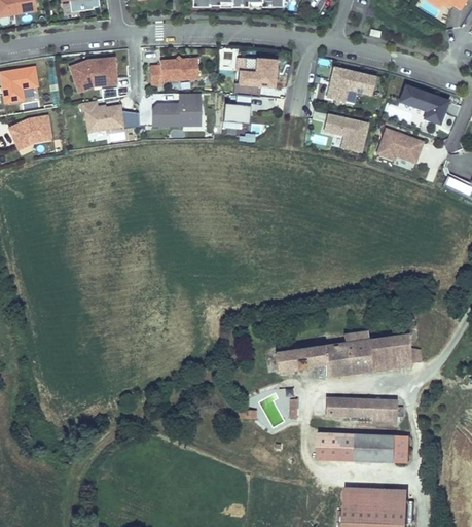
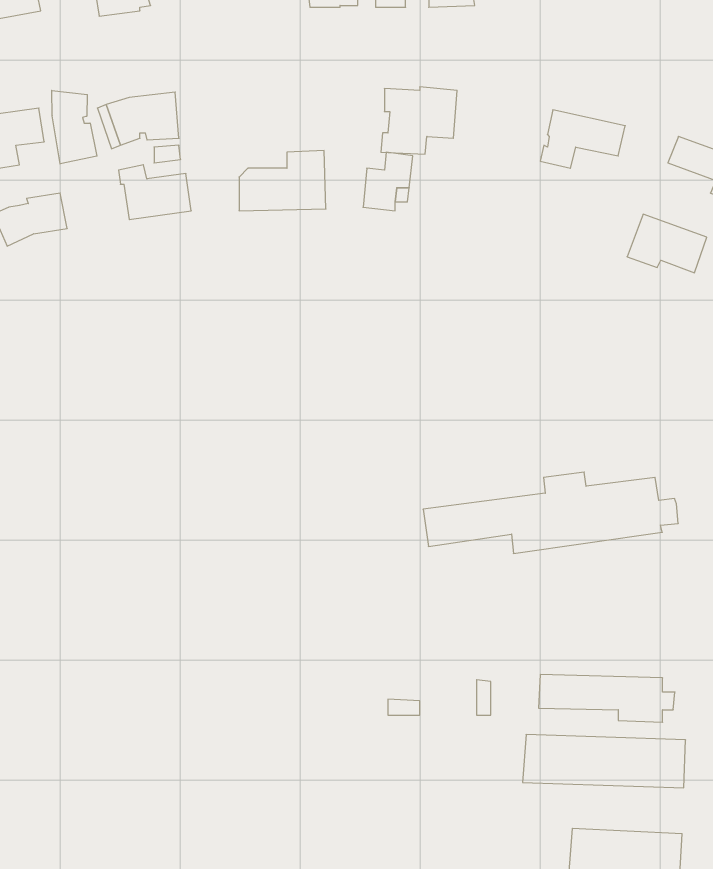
building: [149,57,198,83] -> none
building: none -> [52,90,97,164]
building: [324,114,367,152] -> none
building: [274,332,422,380] -> [423,472,678,553]

